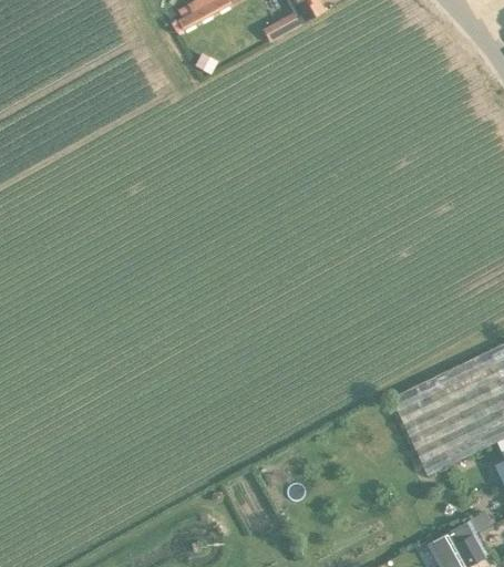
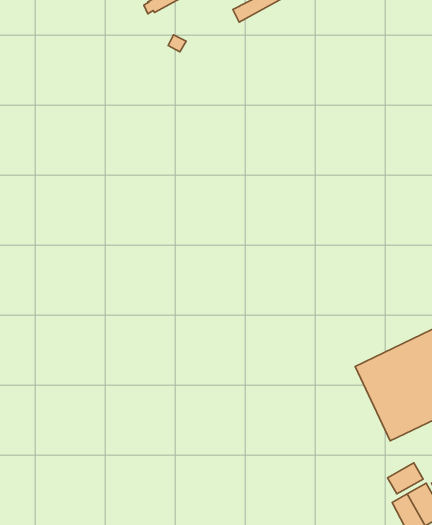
building: none -> [388,463,423,494]

